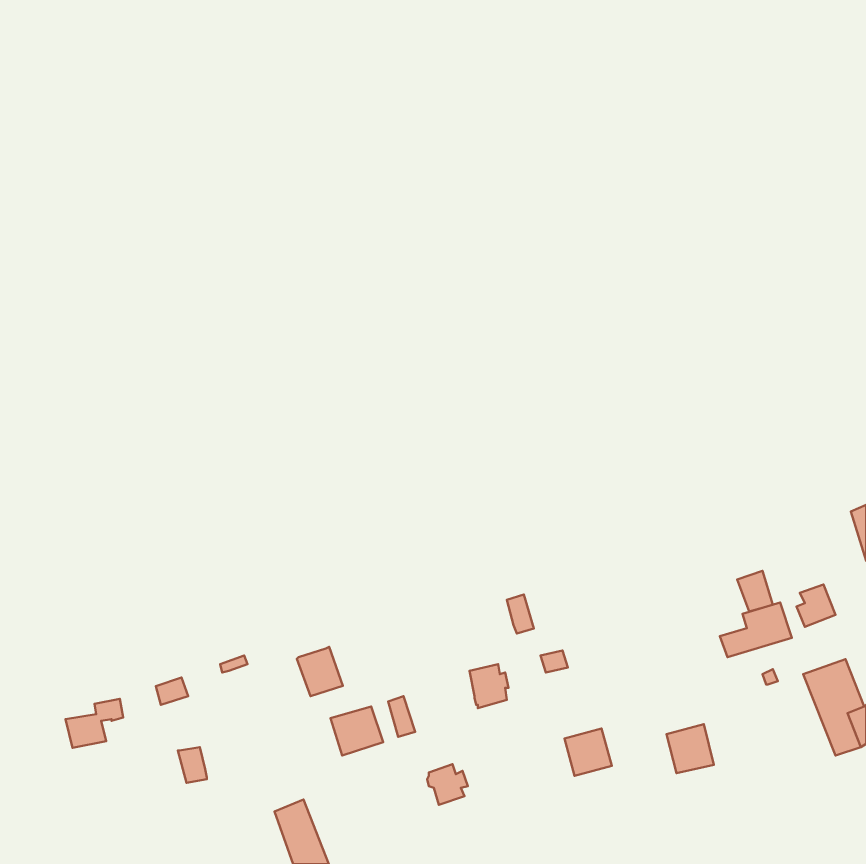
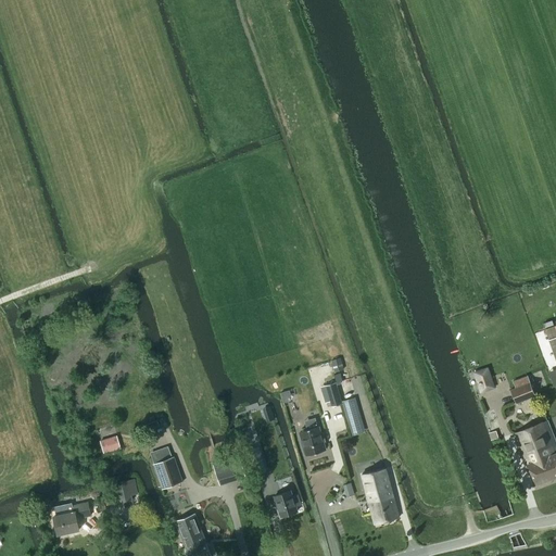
building: [720,603,792,657] -> none
building: [297,647,343,696] -> [153,456,182,488]
building: [66,699,123,748] -> [53,502,90,533]
building: [666,724,714,773] -> [368,491,399,522]

